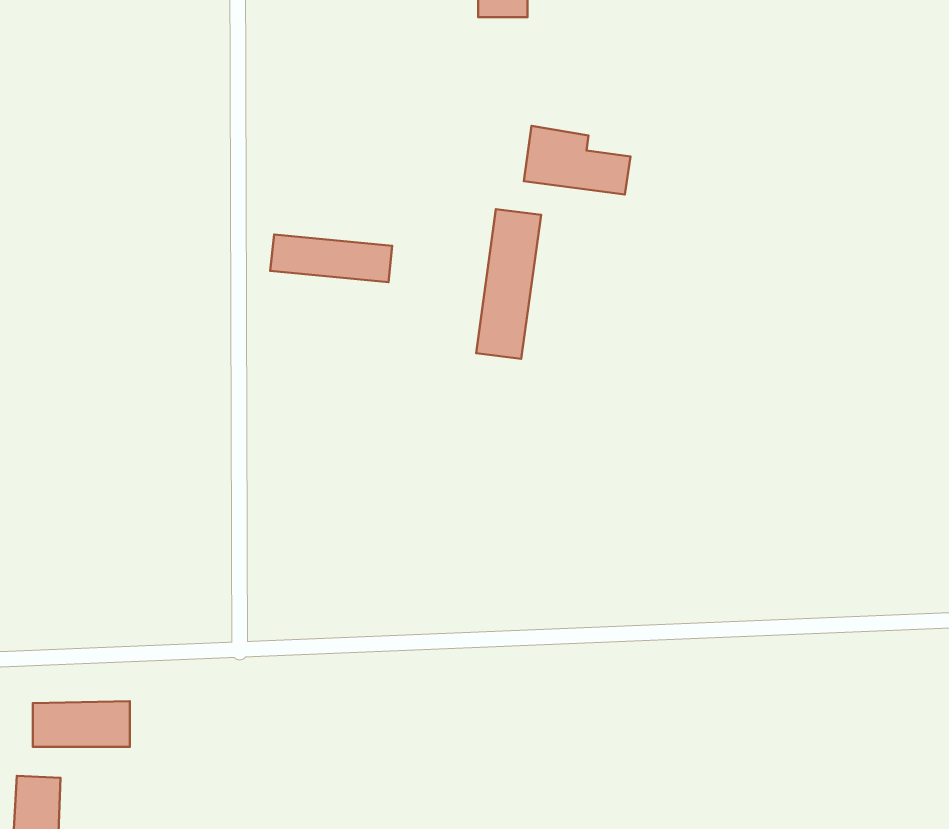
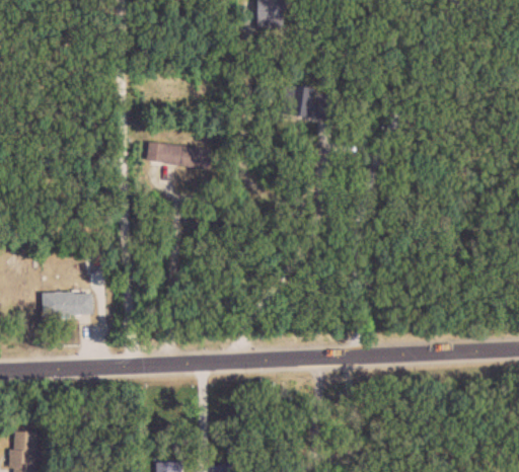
building: [476,209,541,359] -> none
building: [33,701,130,747] -> [42,291,93,315]

